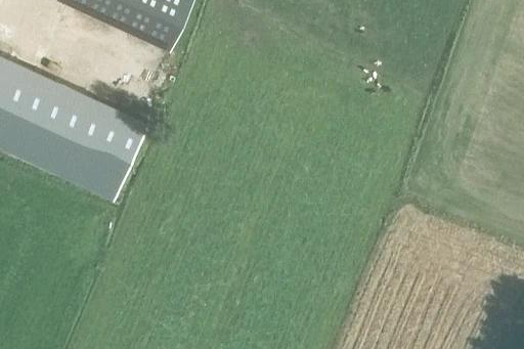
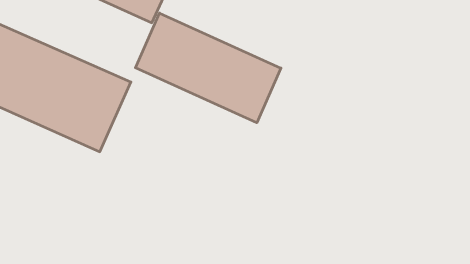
building: none -> [135,13,281,123]

